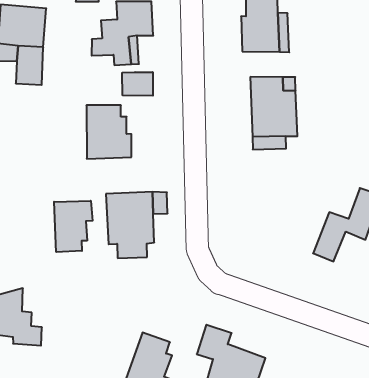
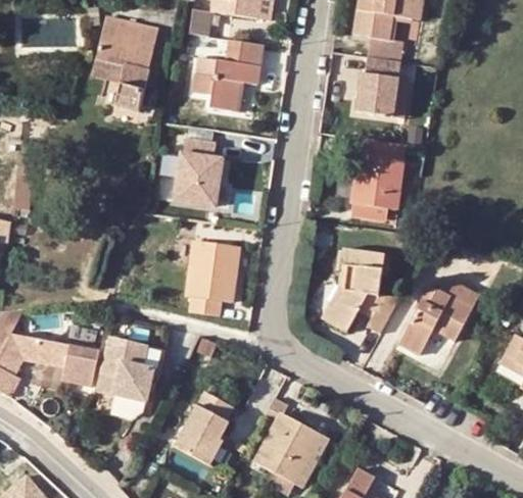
building: [122,72,153,96] -> none
building: none -> [326,248,399,334]
building: [54,201,93,252] -> none
building: none -> [99,340,153,402]

